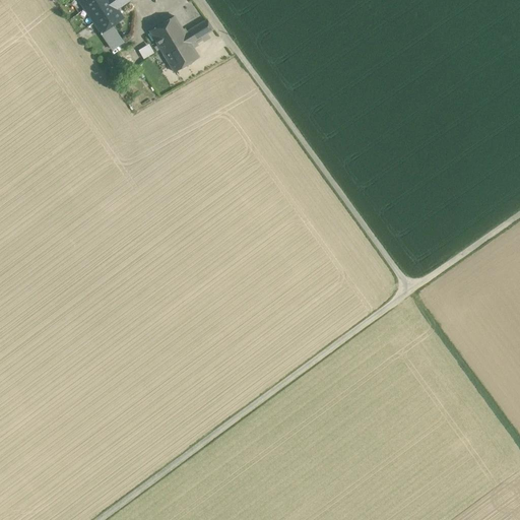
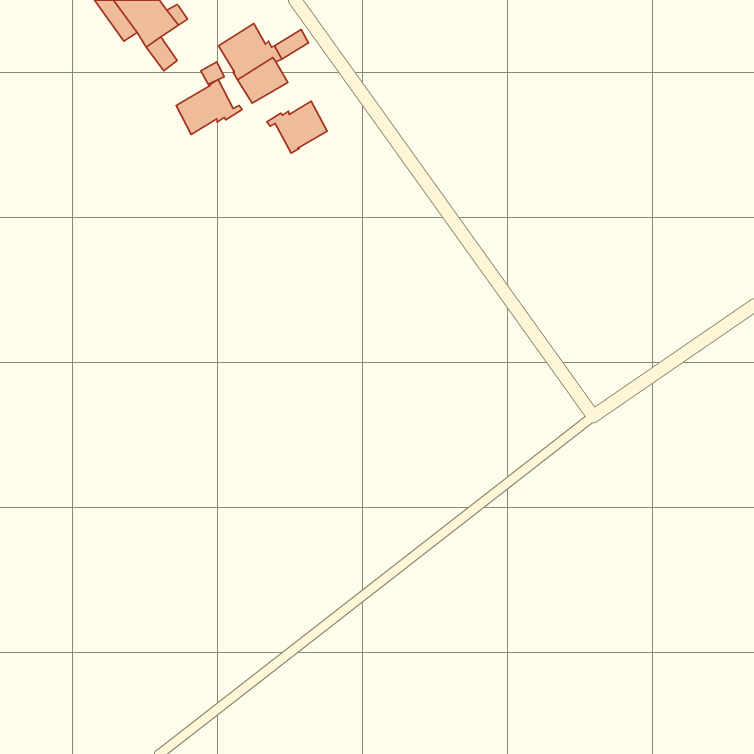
building: none -> [176,80,242,135]
building: none -> [267,101,327,153]

